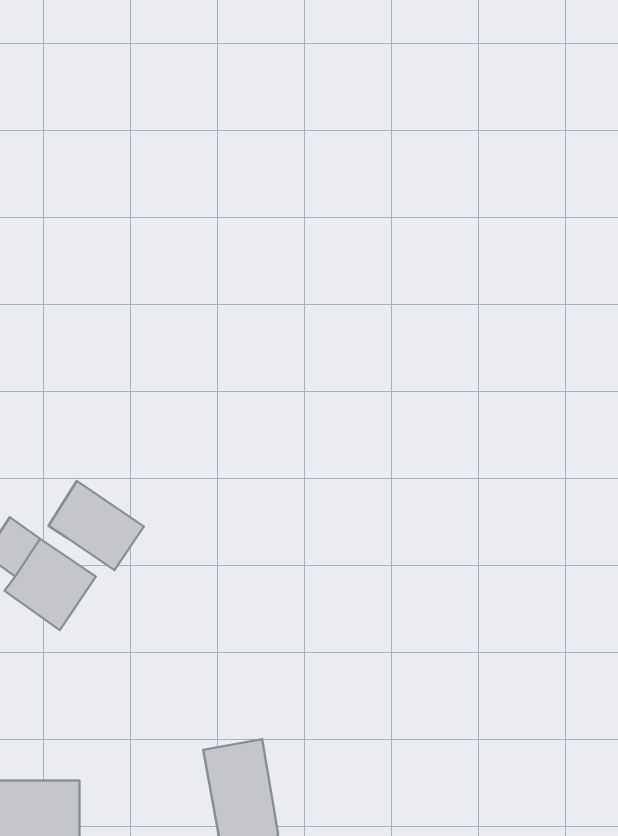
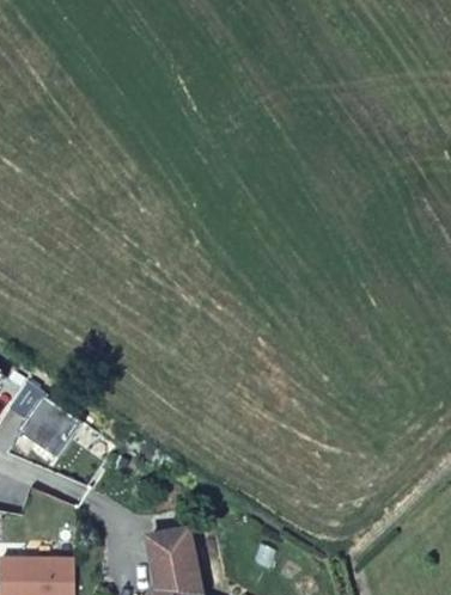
building: [48,481,144,570] -> none

